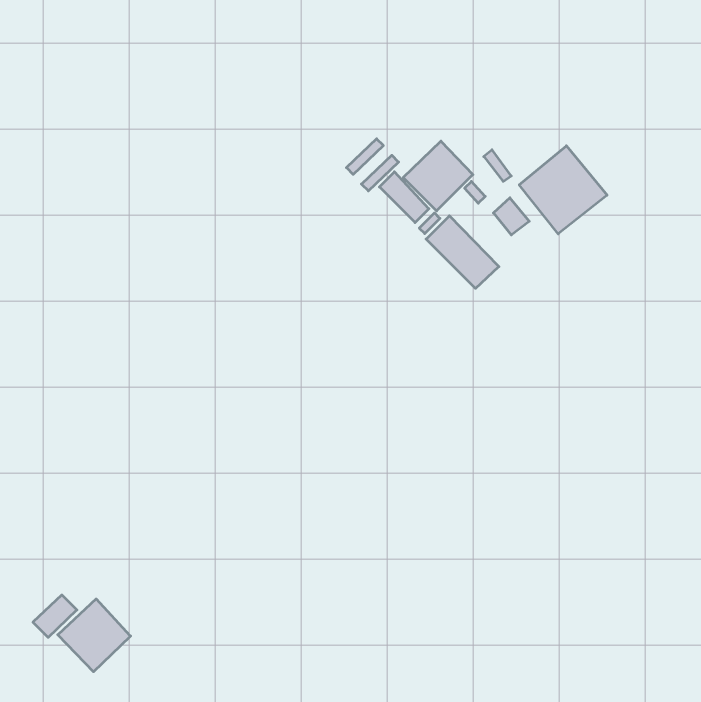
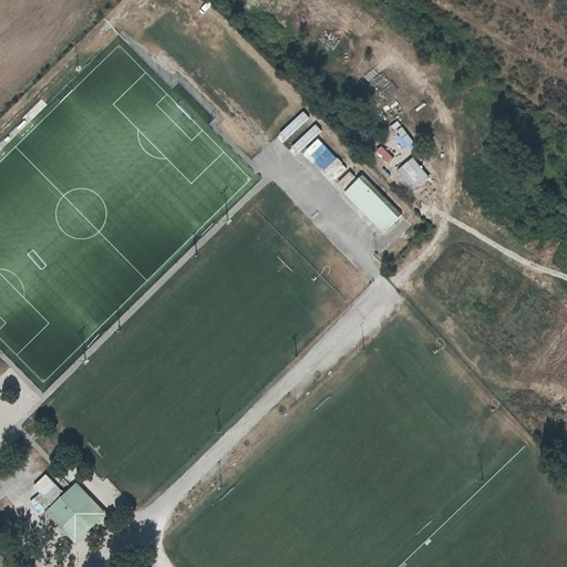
building: [403,141,473,211] -> none
building: [519,146,607,234] -> none

